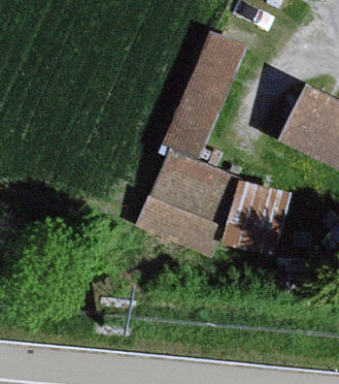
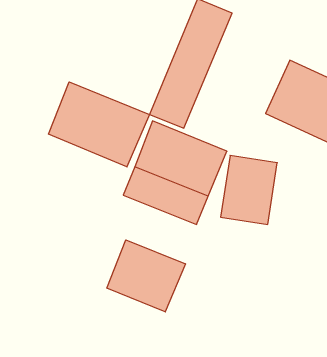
building: none -> [48,82,149,167]
building: none -> [107,240,185,312]

